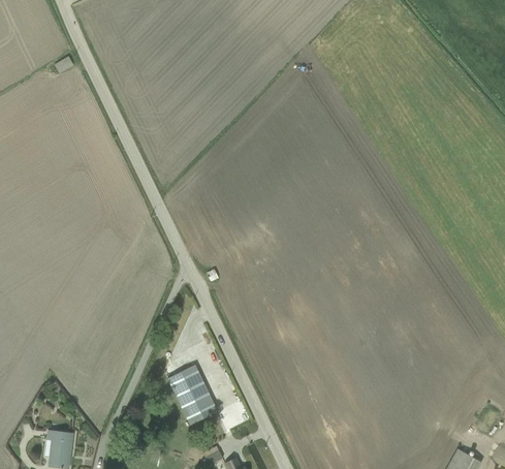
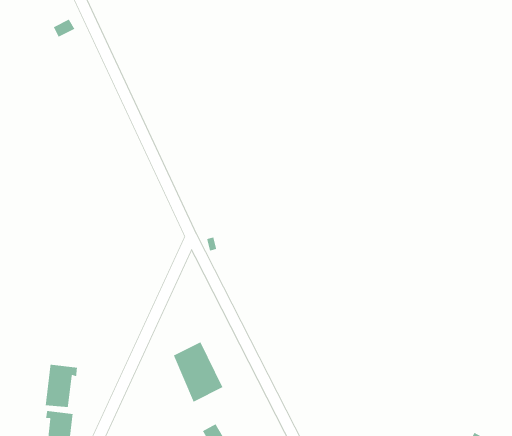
building: none -> [45,364,78,408]

